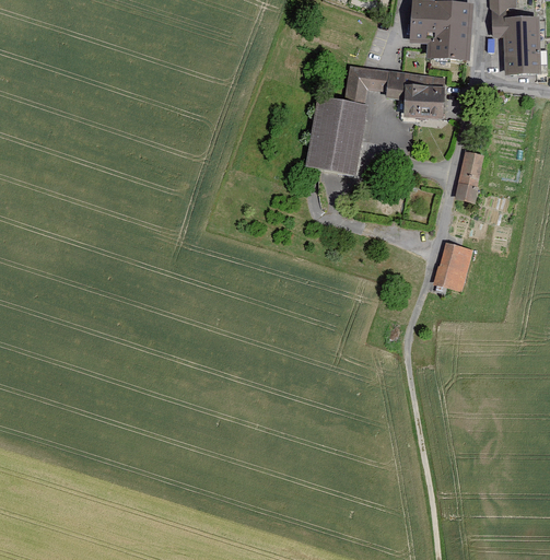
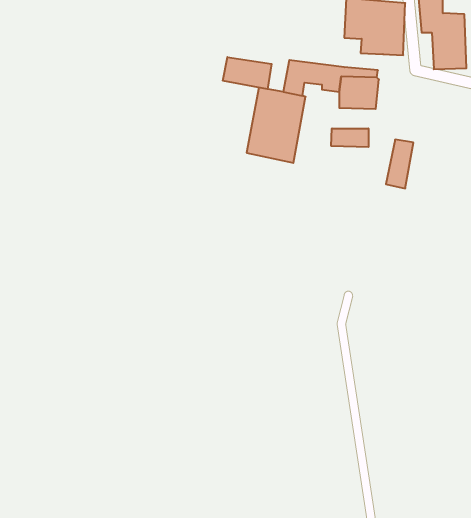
building: none -> [223,57,272,89]
building: none -> [331,128,368,147]
building: [433,241,472,291] -> none

